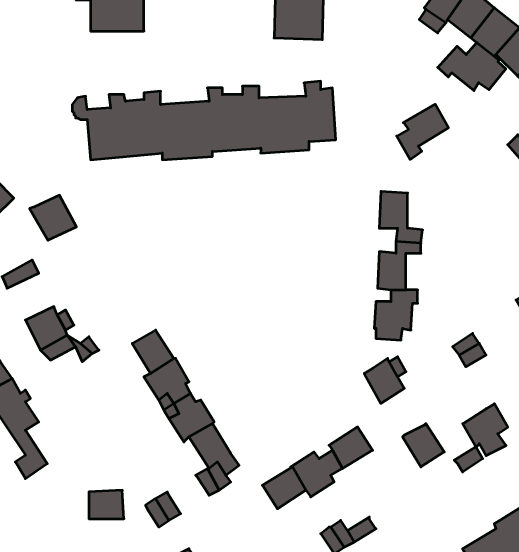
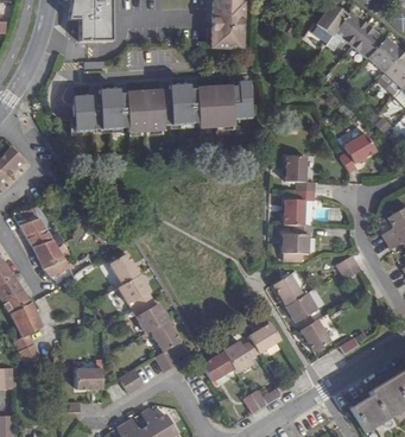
building: [438,43,506,91] -> none
building: [397,104,448,159] -> [338,133,375,172]
building: [30,195,76,240] -> [20,215,53,247]
building: [463,404,508,456] -> [286,292,318,329]

